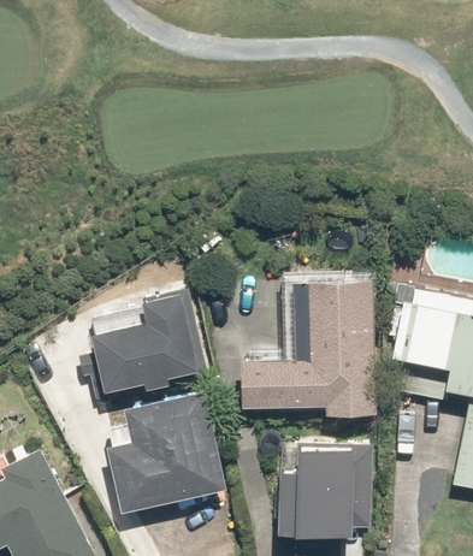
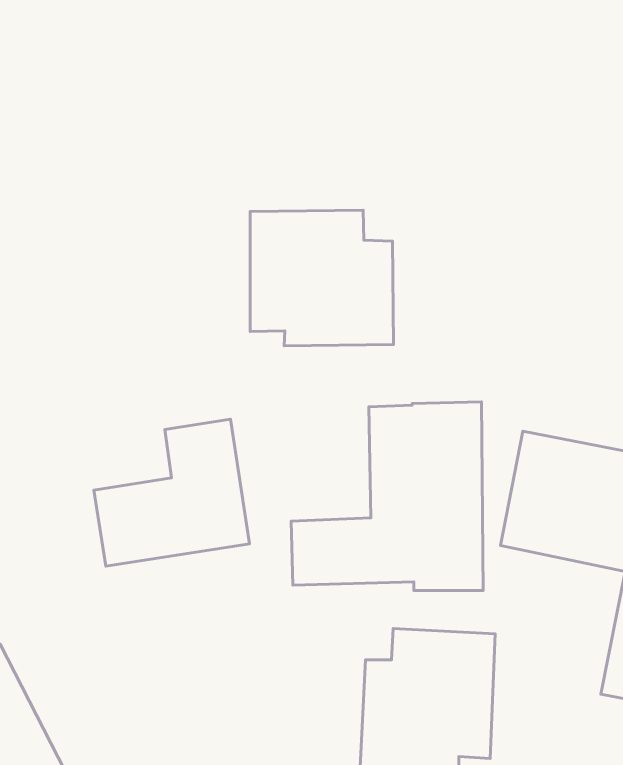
building: none -> [250,210,393,346]
building: [102,394,223,511] -> none

